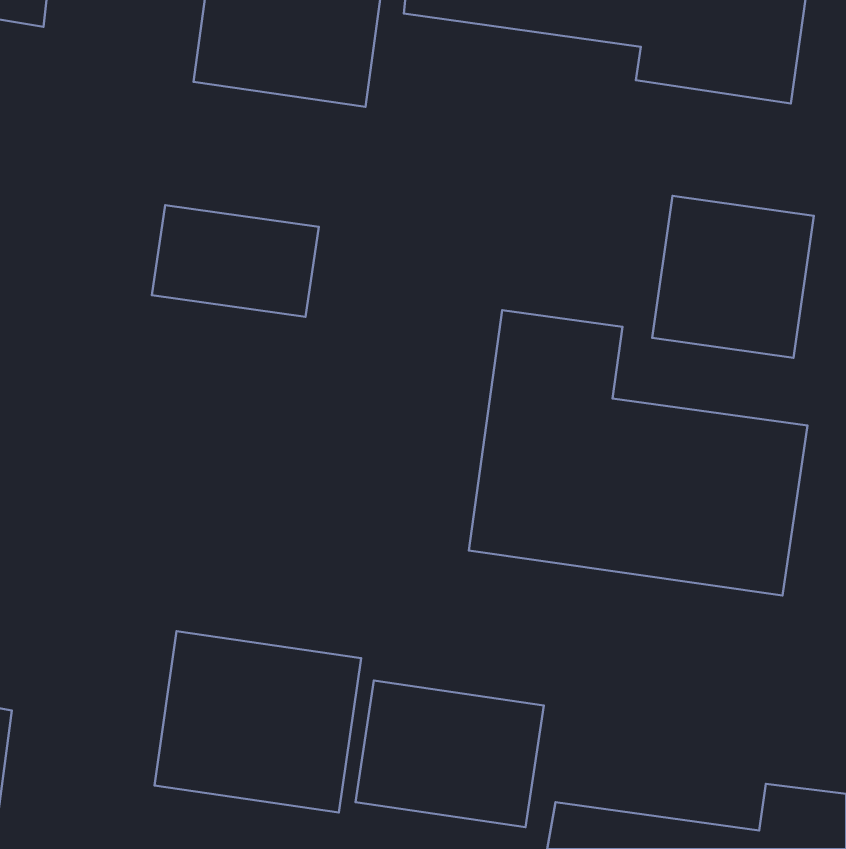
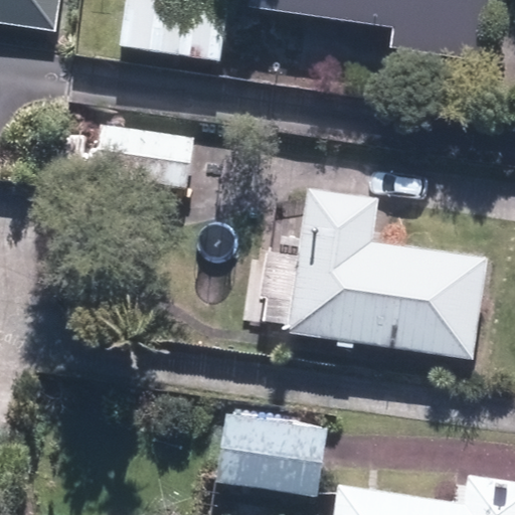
building: [652,196,814,358] -> none
building: [154,631,361,813] -> none

